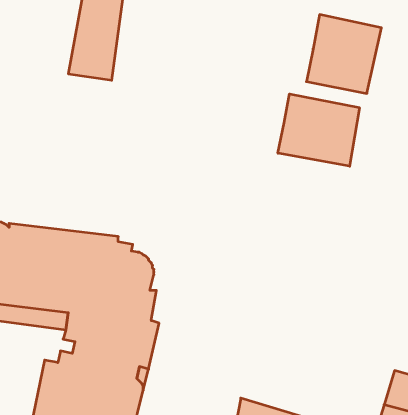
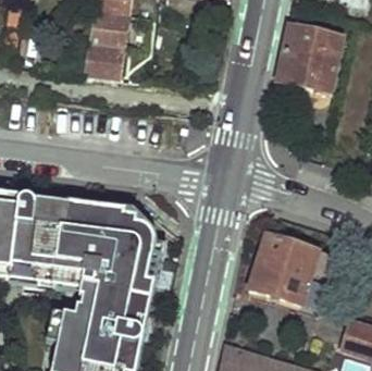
building: [278,94,359,166] -> none
building: none -> [252,236,338,309]

